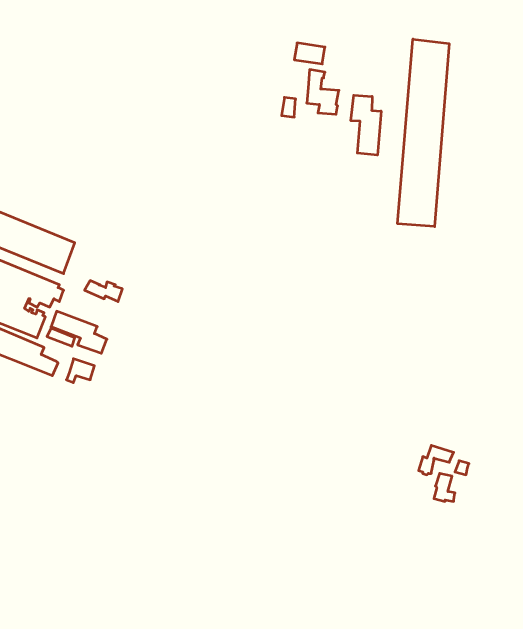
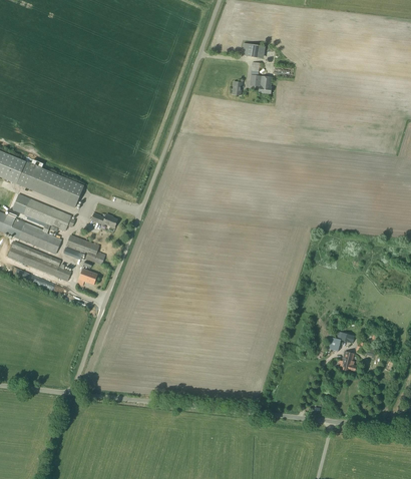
building: [398,39,449,227] -> none
building: [351,95,381,155] -> none

